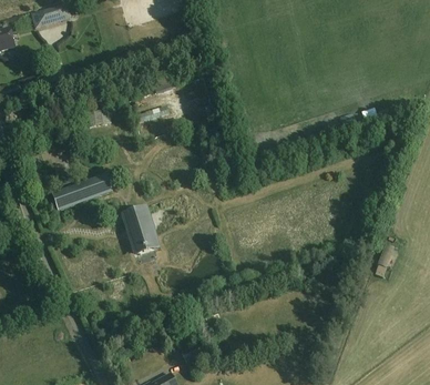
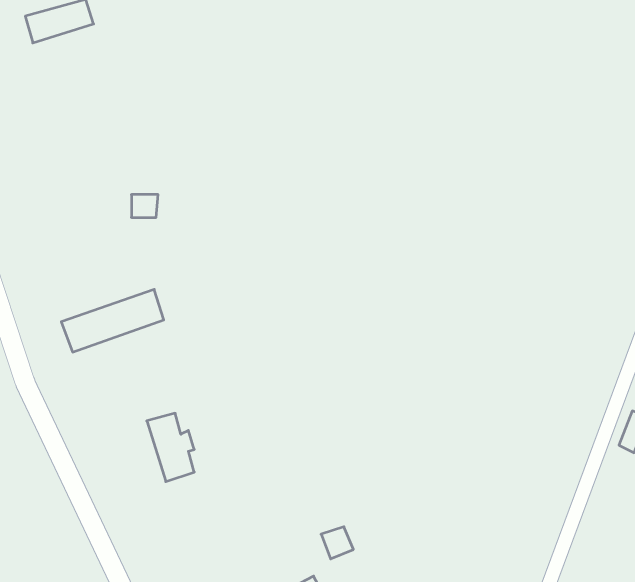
building: [126,211,154,251] -> [147,413,194,482]

